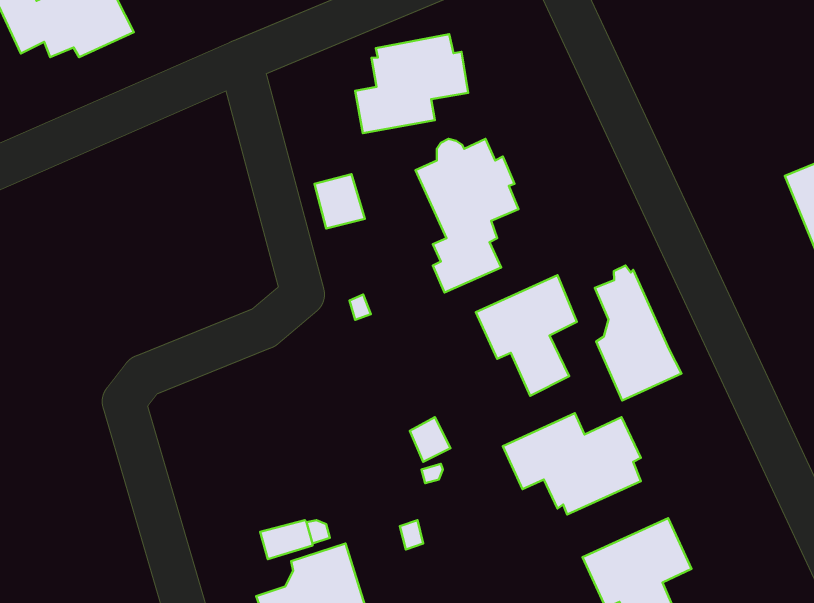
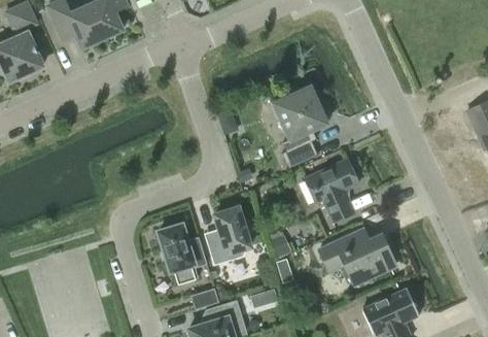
building: [355,34,468,133] -> none
building: [595,266,682,400] -> none
building: none -> [205,207,251,265]
building: none -> [158,225,207,284]

